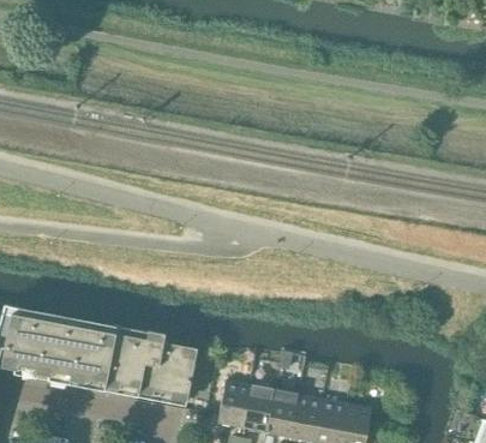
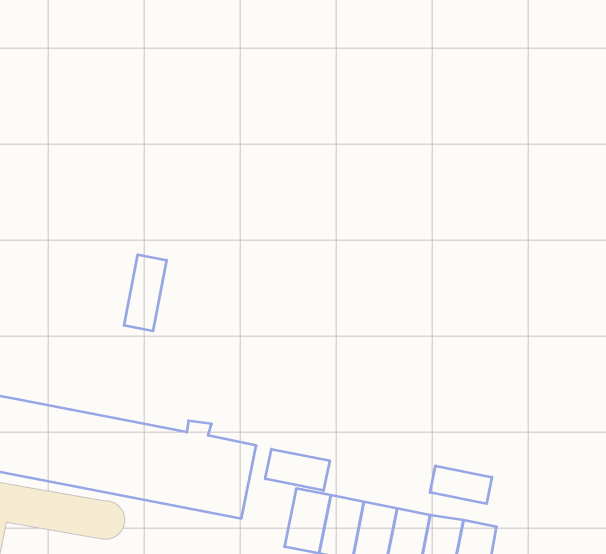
building: none -> [124,255,167,331]
building: none -> [265,449,330,491]
building: none -> [430,466,492,504]

